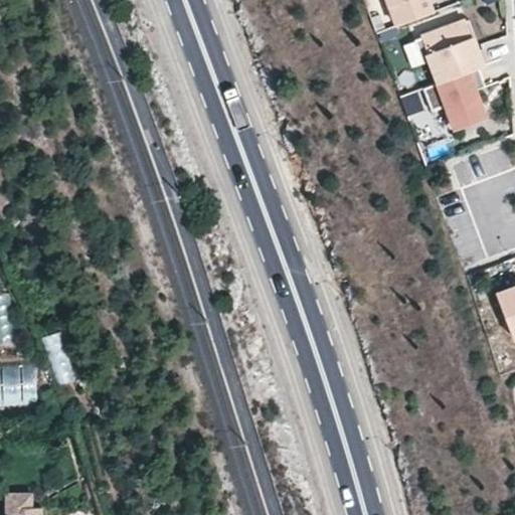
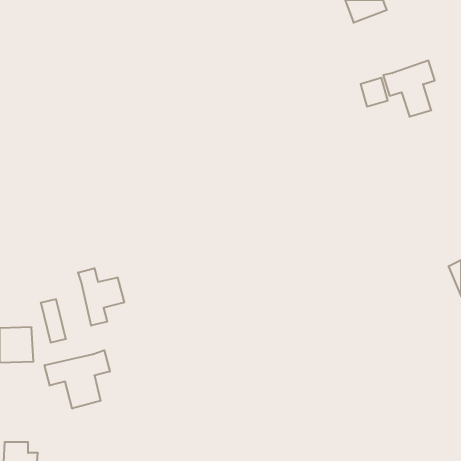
building: [417,19,482,82] -> none
building: none -> [78,268,124,326]
building: none -> [45,350,110,409]

